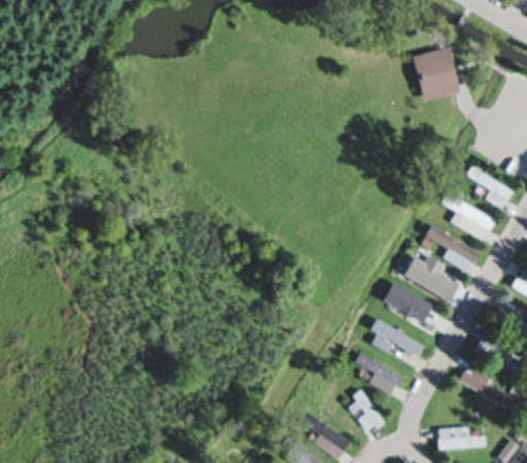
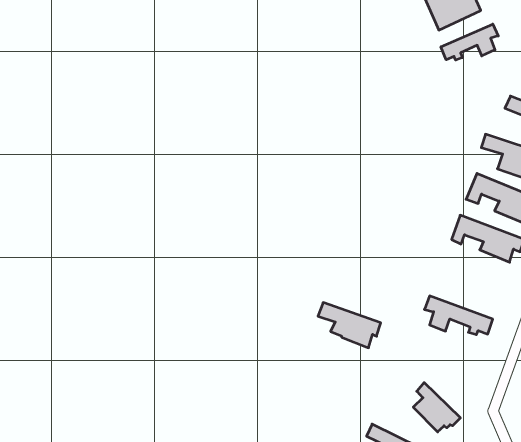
building: none -> [441,24,498,60]
building: [379,283,429,324] -> none
building: [354,352,405,395] -> [318,303,381,348]

